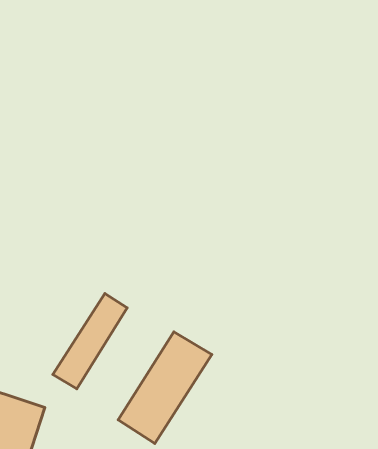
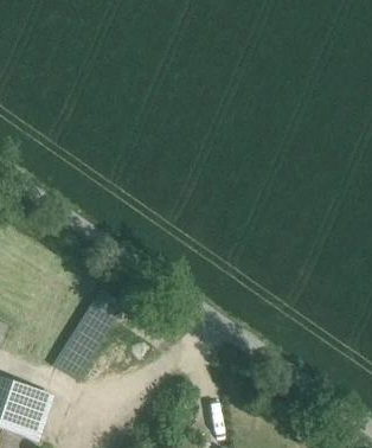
building: [118,332,212,444] -> none

